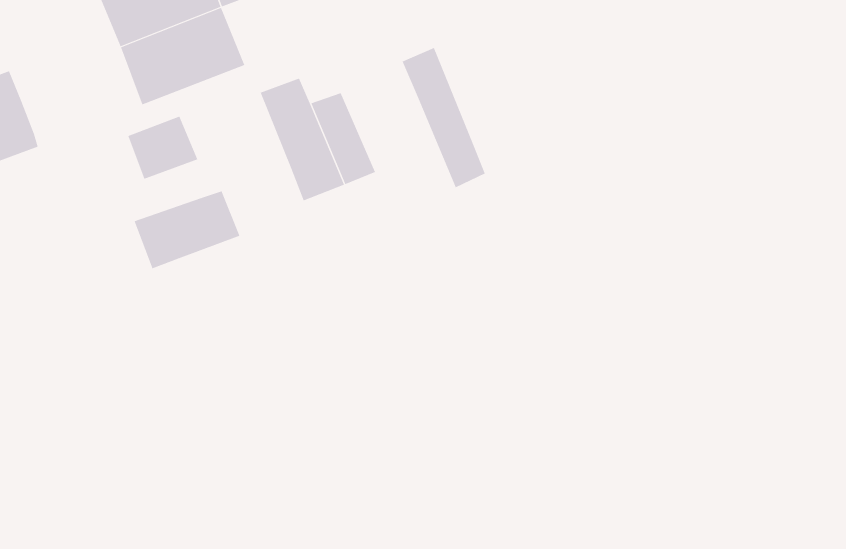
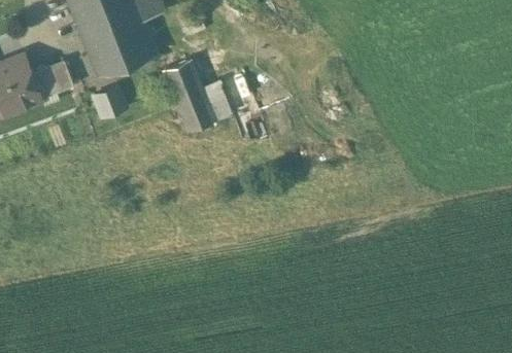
building: [402,47,486,188] -> none
building: none -> [30,63,73,96]
building: [134,191,240,269] -> none

